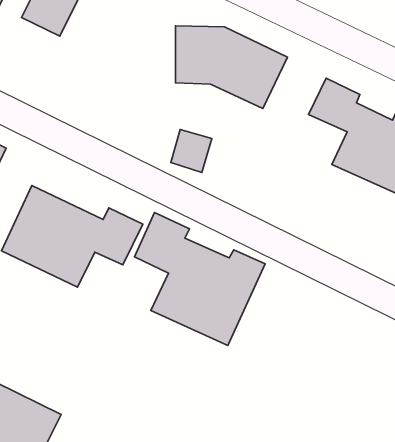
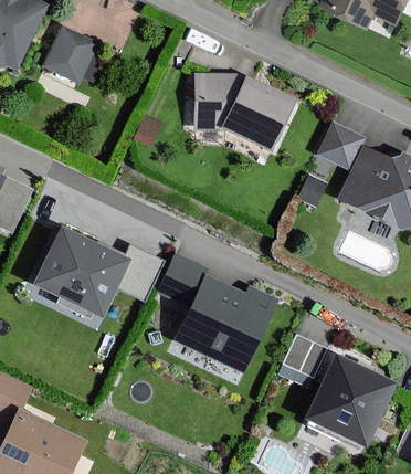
building: [171,129,212,172] -> none
building: none -> [275,334,325,387]
building: none -> [307,354,394,442]

